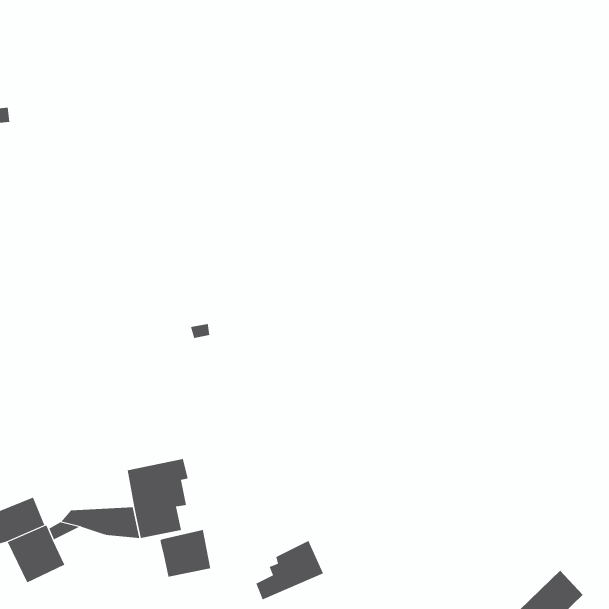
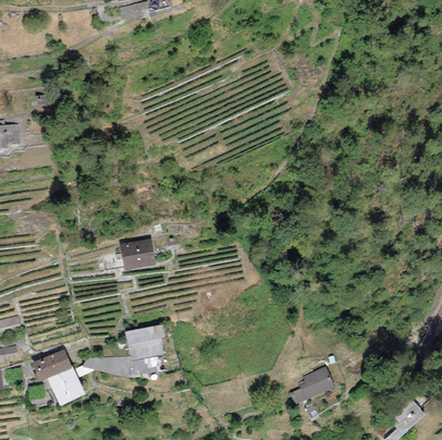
building: none -> [120,239,155,270]
building: [160,529,211,577] -> none
building: [256,540,324,600] -> [290,366,334,405]

